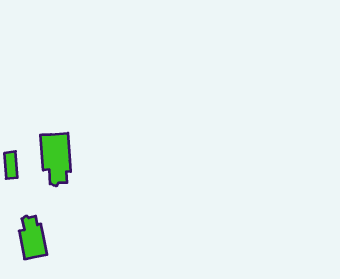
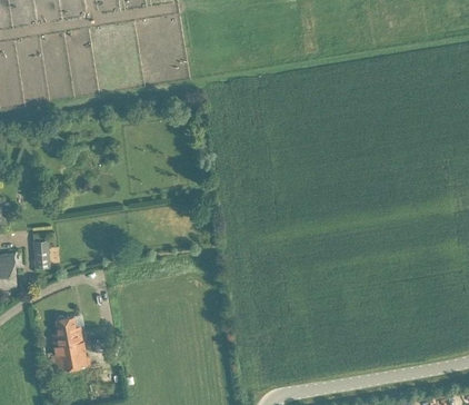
building: [40,133,71,186] -> none

